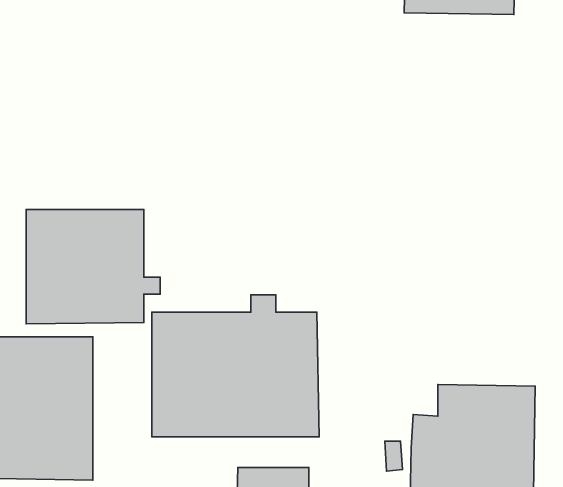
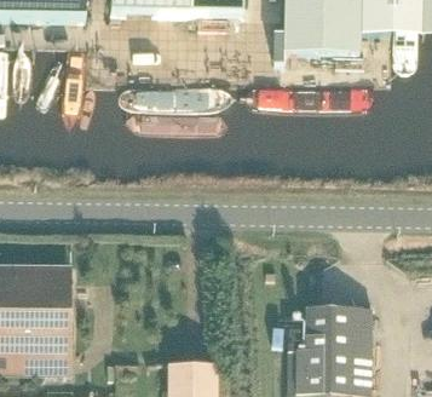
building: [26,209,160,324] -> none
building: [152,295,319,437] -> none

